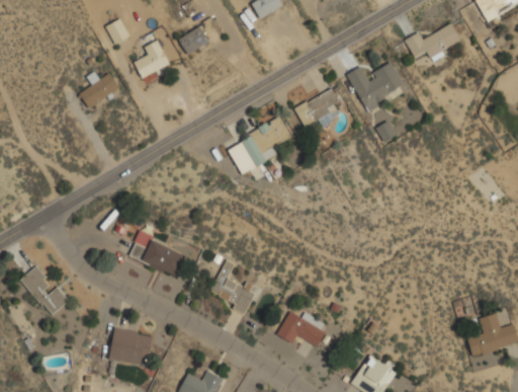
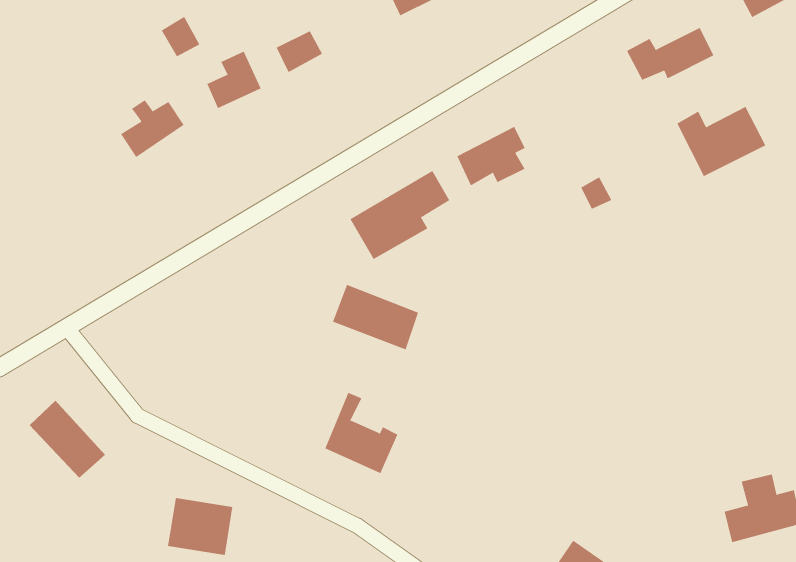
building: [348,62,406,107] -> [677,106,766,177]
building: [130,233,185,276] -> [332,284,419,350]
building: [277,311,328,346] -> none

